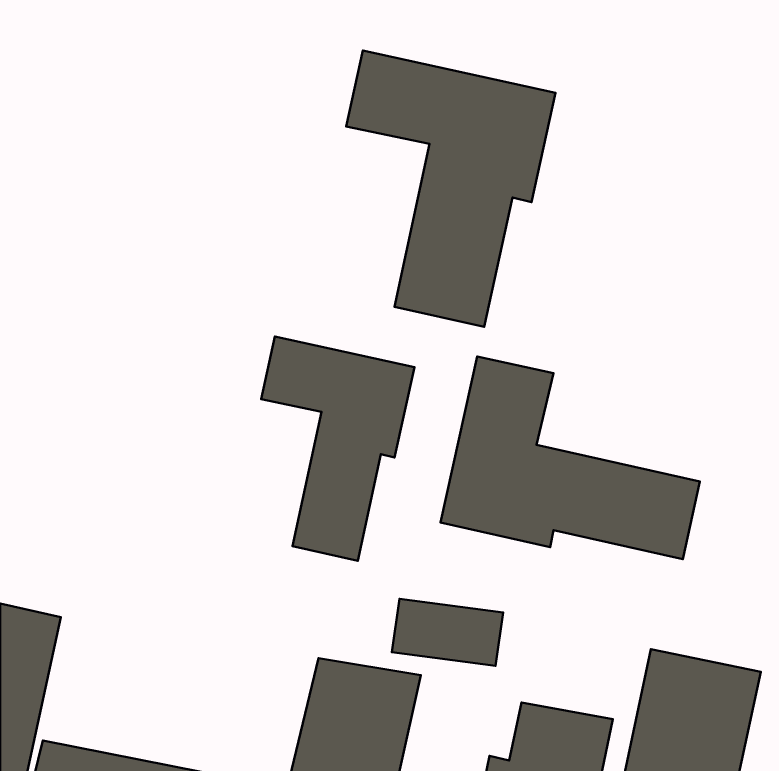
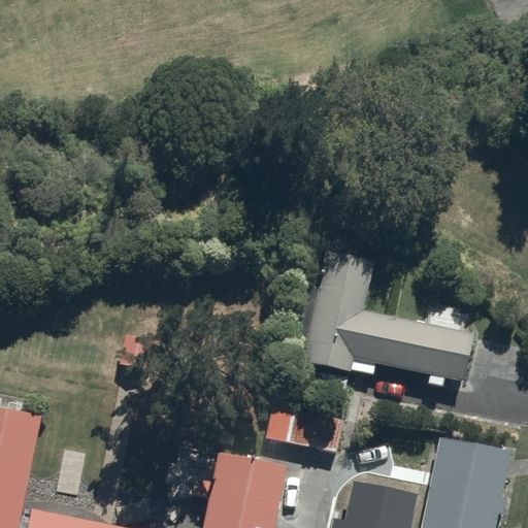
building: [346,50,555,327] -> none
building: [261,337,414,561] -> none

